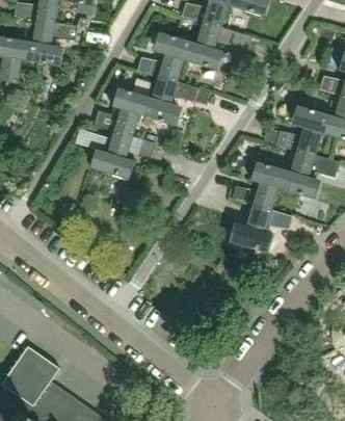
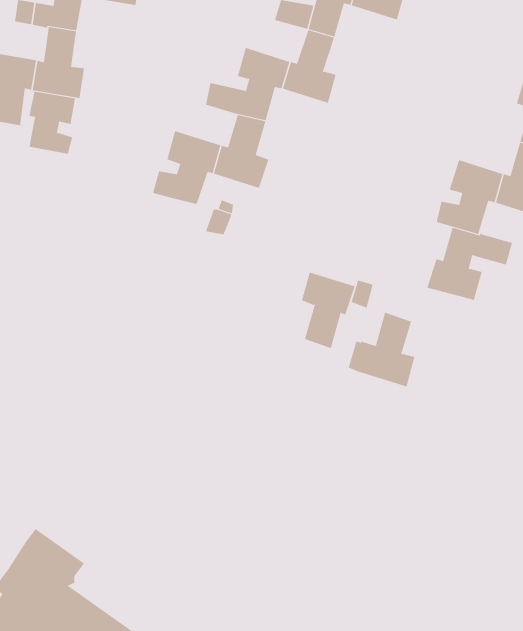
building: none -> [29,91,76,154]
building: [90,130,134,178] -> none
building: [251,160,287,210] -> [301,272,356,349]

